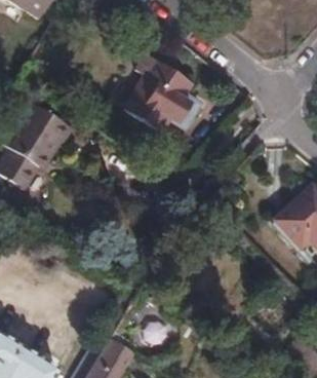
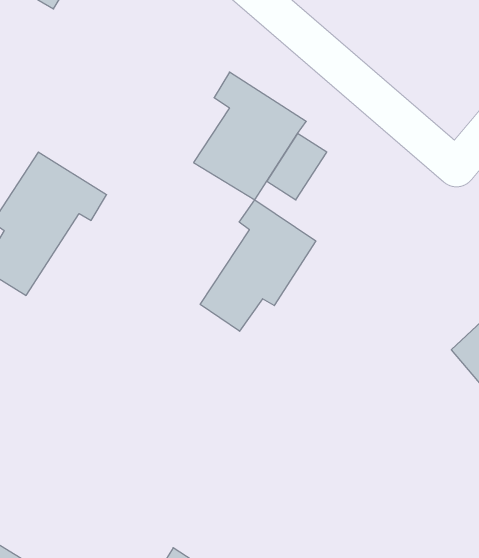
building: none -> [200,200,316,331]

